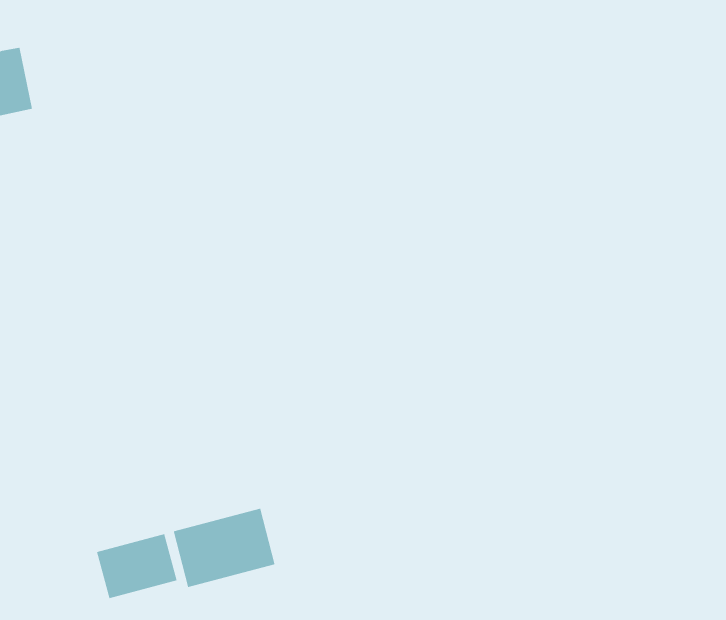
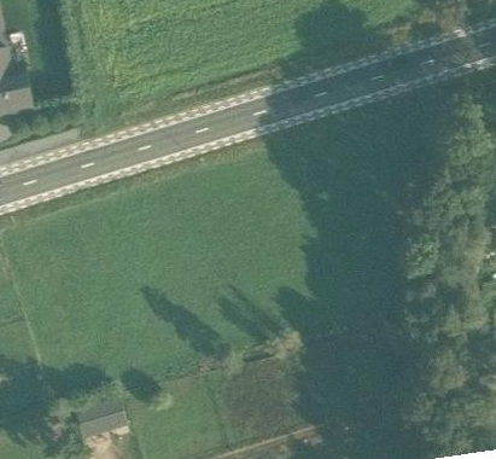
building: [173,508,275,588] -> none

